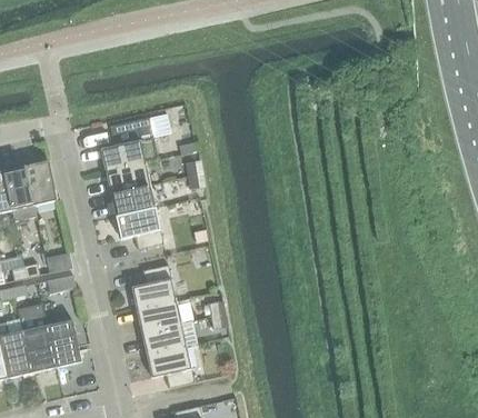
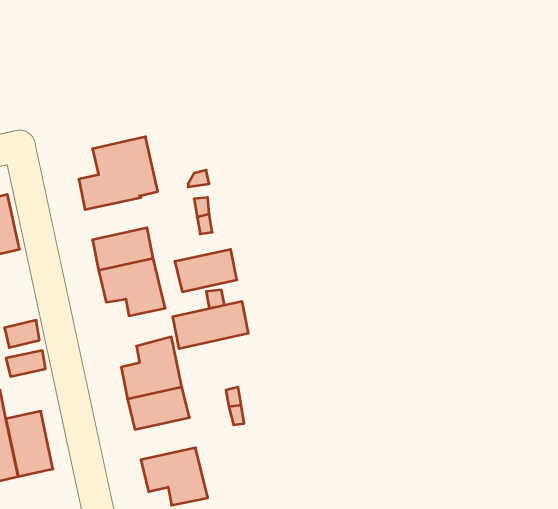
building: [104,162,150,193] -> [175,249,237,292]
building: none -> [173,301,248,349]
building: [141,324,186,355] -> none

